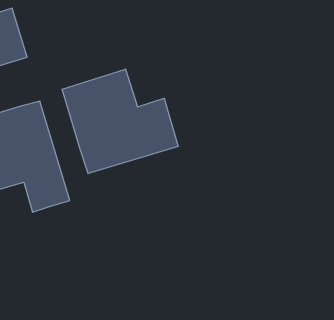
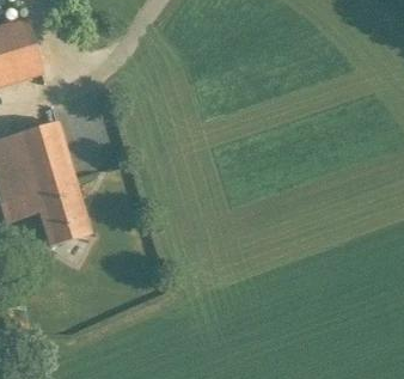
building: [62,69,178,174] -> none

